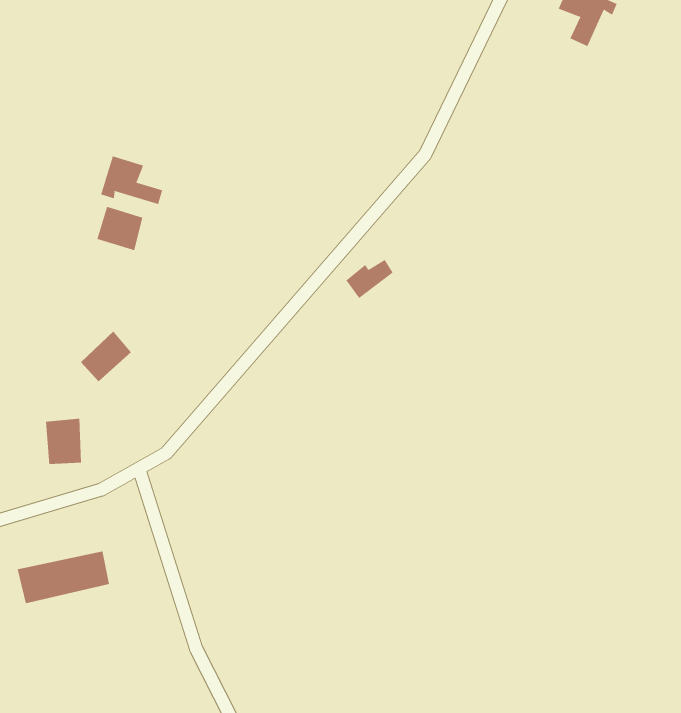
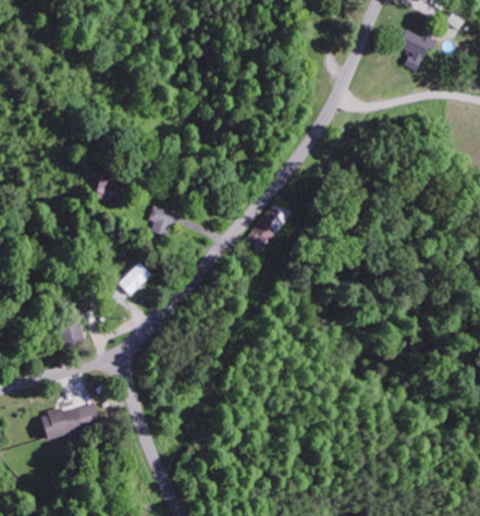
building: [101,156,163,205] -> none
building: none -> [150,207,176,236]
building: [80,331,132,382] -> [118,260,151,294]

